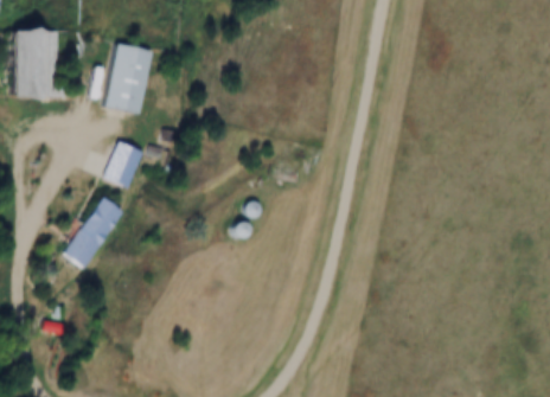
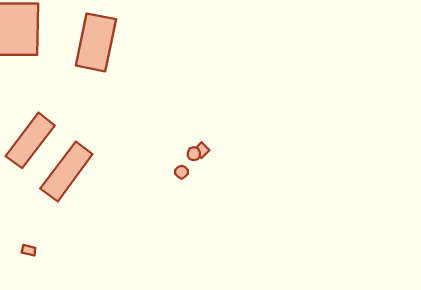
building: [105,142,143,186] -> none
building: none -> [6,112,55,168]

